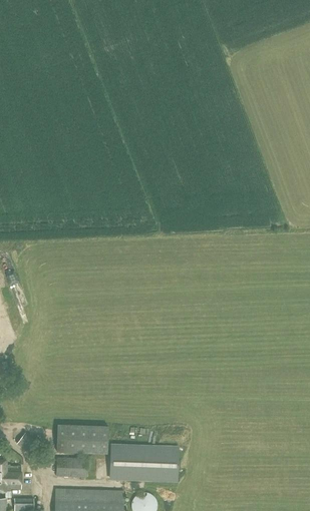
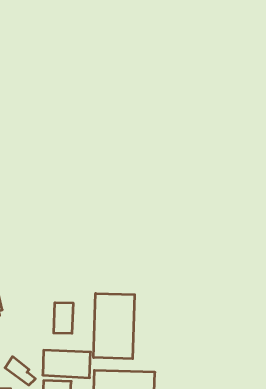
building: none -> [94,293,135,359]
building: none -> [54,303,73,333]

